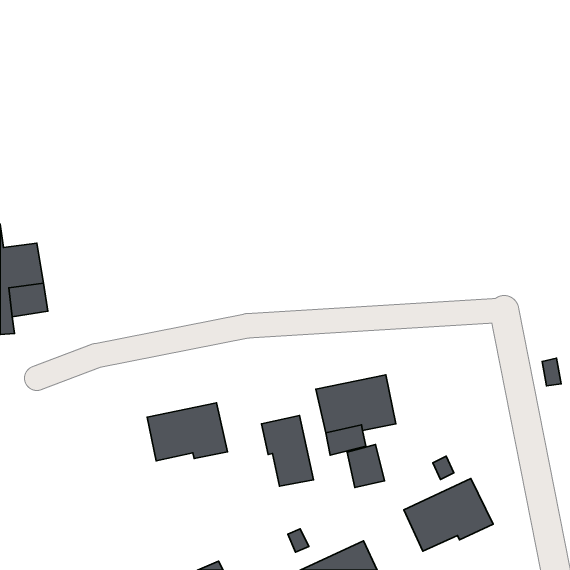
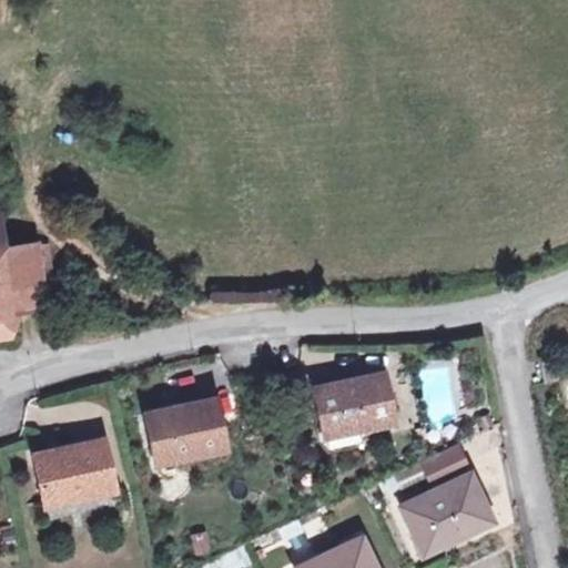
building: [261,416,313,486] -> none
building: none -> [34,440,114,499]
building: [347,445,385,487] -> none

